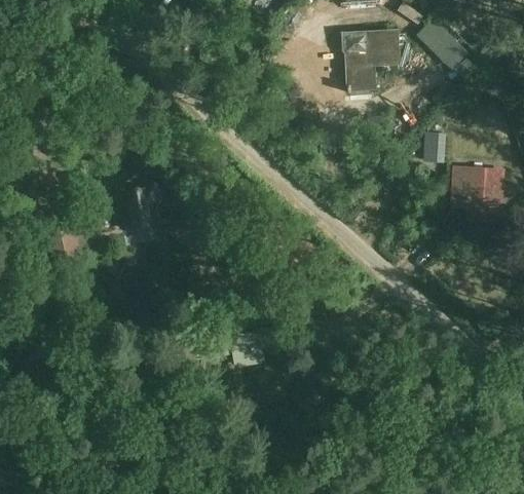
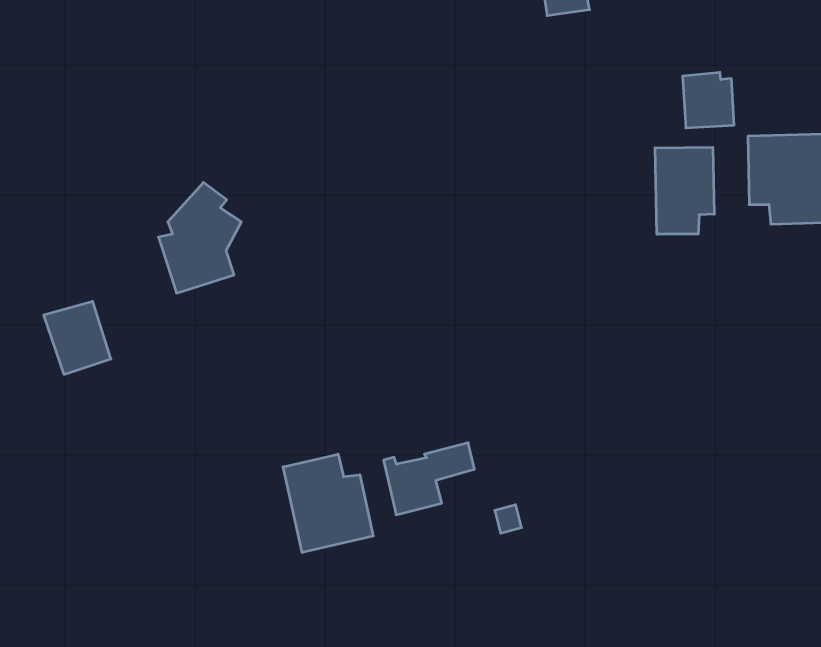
building: none -> [655,147,714,234]
building: none -> [283,454,373,553]

